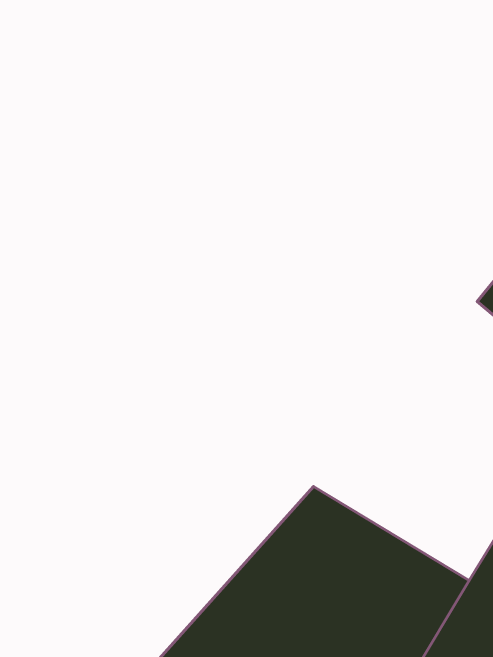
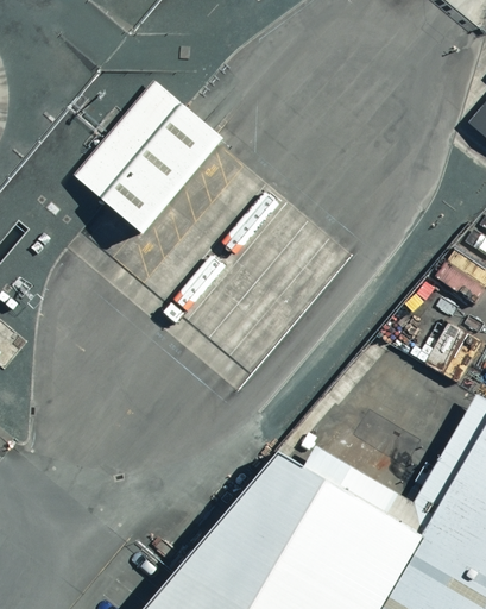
building: none -> [82,88,240,249]

